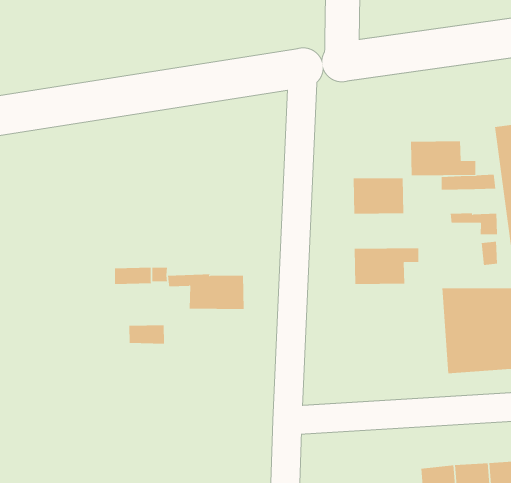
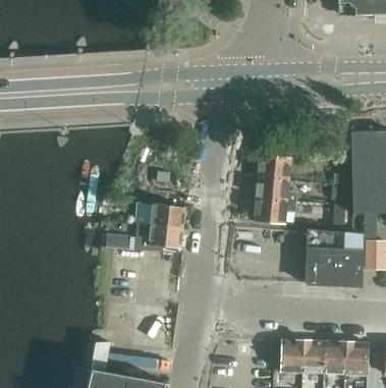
building: [410,141,476,176] -> [256,177,297,203]
building: none -> [147,225,183,248]

